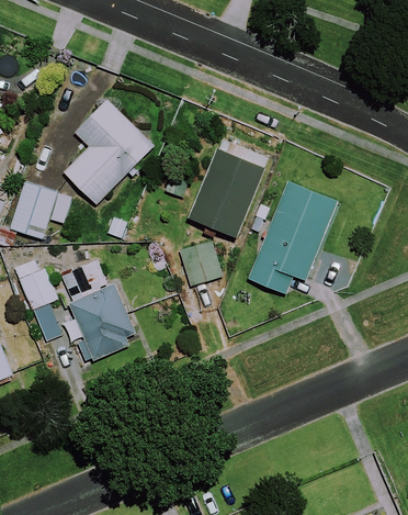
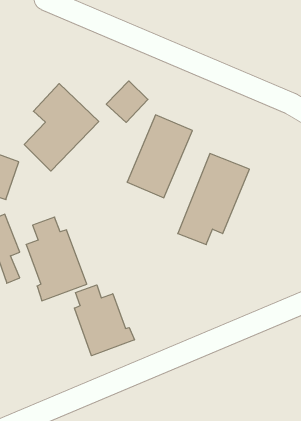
building: none -> [106,81,148,122]
building: [181,240,217,284] -> none
building: none -> [74,285,134,356]

